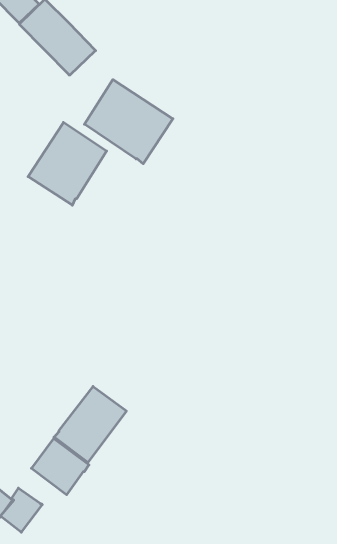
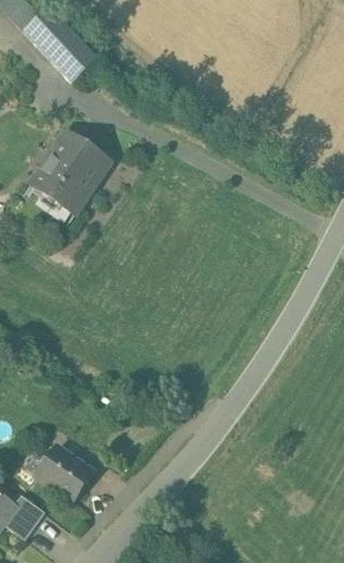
building: [84,80,173,164] -> none
building: [54,386,126,462] -> none

